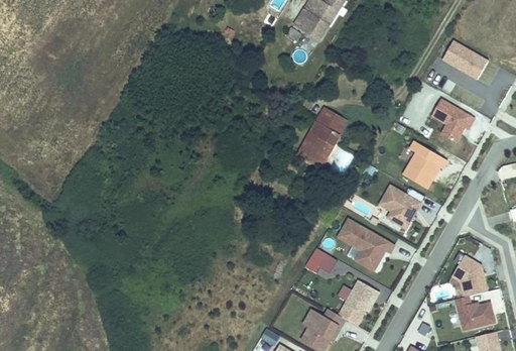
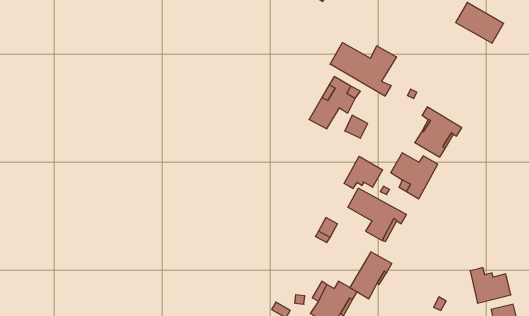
building: none -> [330,43,396,96]
building: [429,99,473,142] -> none
building: none -> [344,156,383,189]
building: [450,255,487,297] -> none

